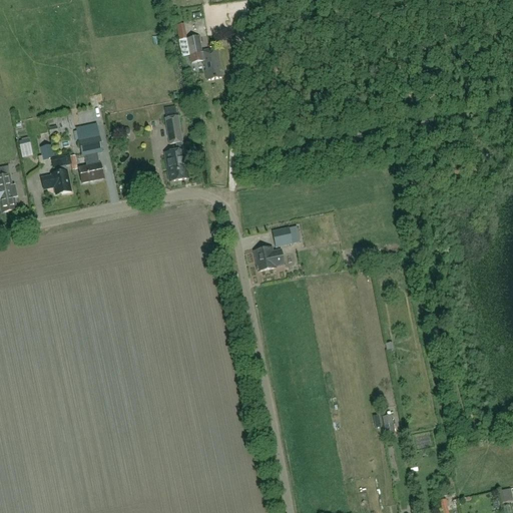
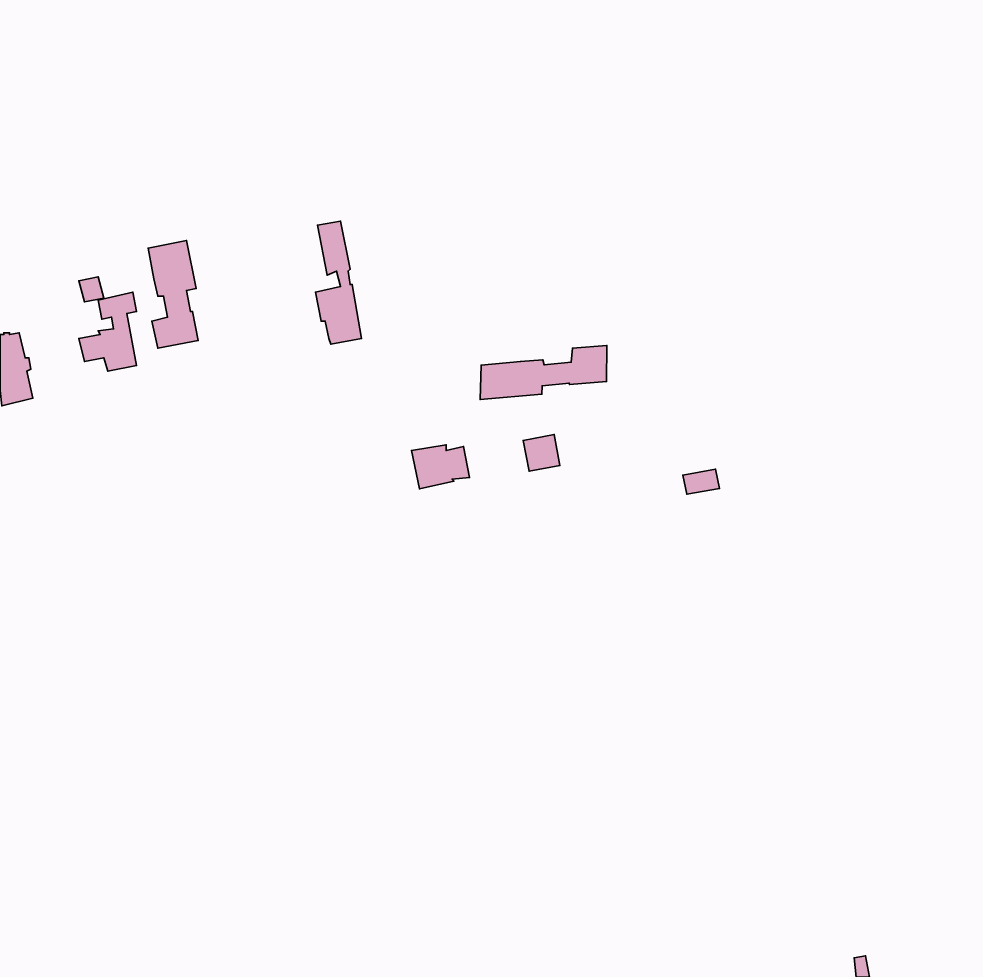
building: [178,35,222,78] -> none
building: none -> [480,345,607,400]
building: [253,246,284,270] -> [412,445,469,489]

